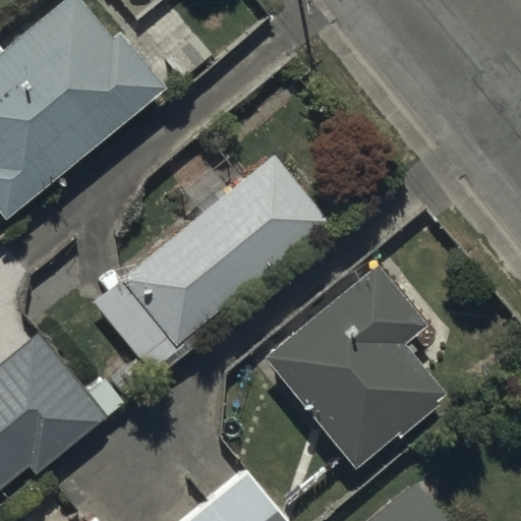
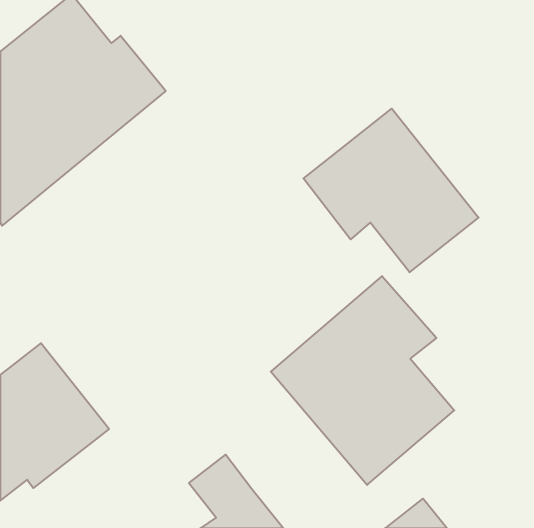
building: none -> [303,109,479,272]
building: [93,156,328,377] -> none

